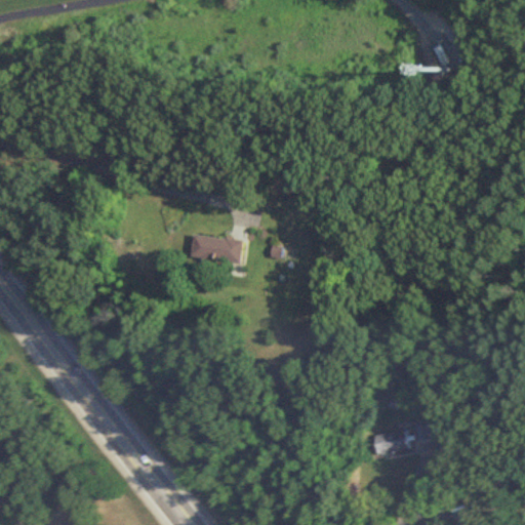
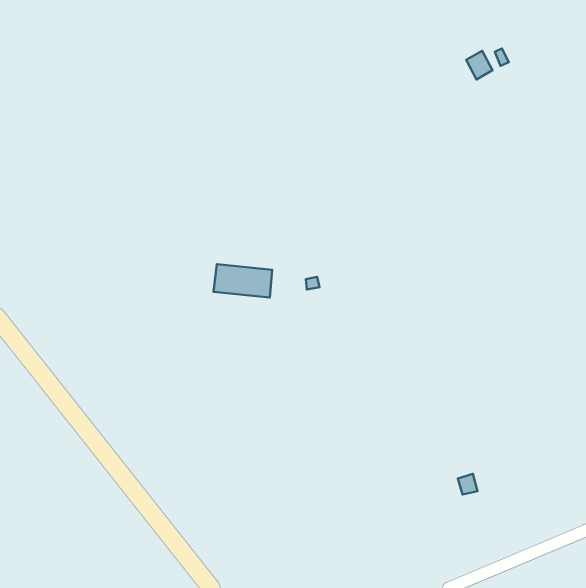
building: [371,426,408,456] -> none

